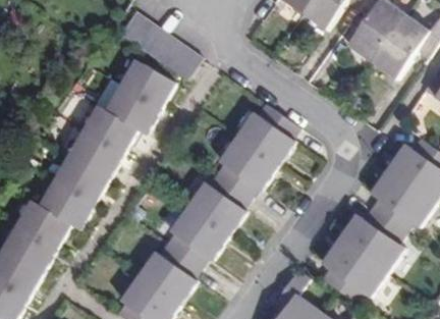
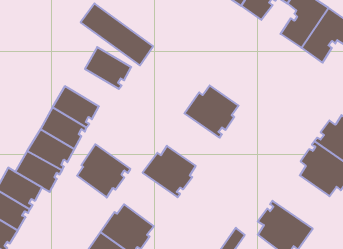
building: [106,85,160,134] -> none
building: [216,137,277,198] -> none
building: [166,206,228,268] -> [77,144,130,198]
building: [339,209,405,271] -> none

